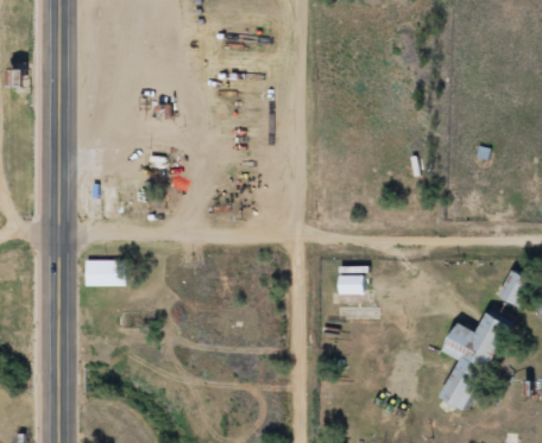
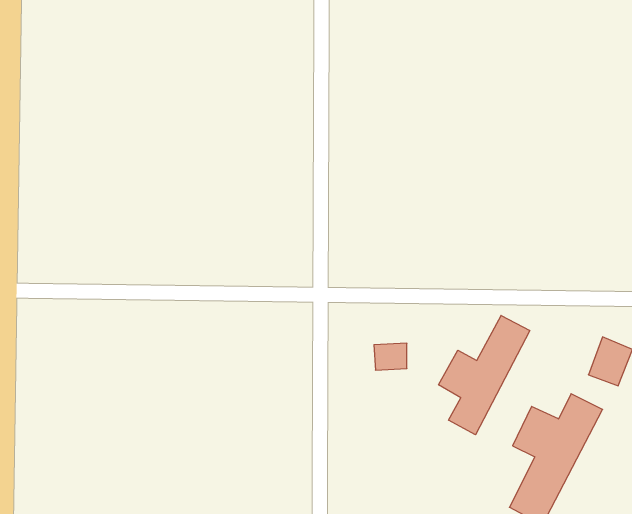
building: none -> [439,315,530,435]
building: [83,260,124,286] -> none

